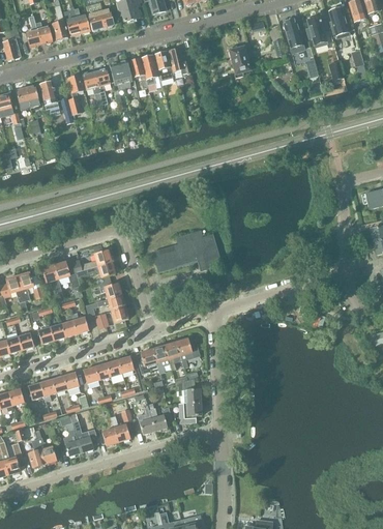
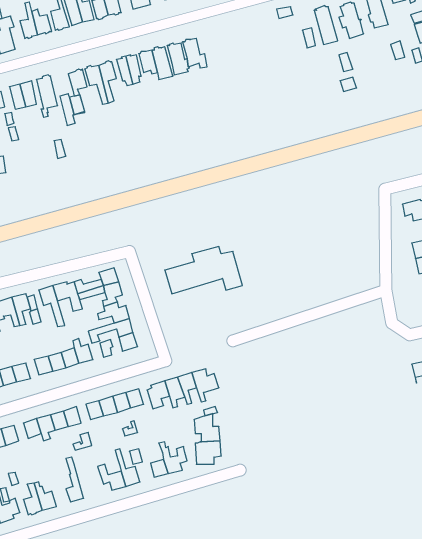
building: [229,46,251,75] -> none
building: [69,412,98,452] -> none

